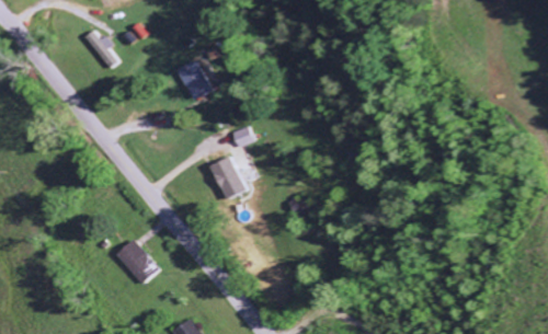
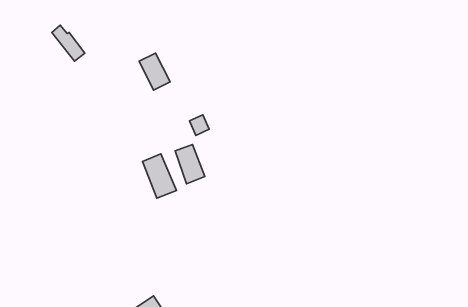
building: none -> [143,154,177,198]
building: [117,239,162,283] -> none

